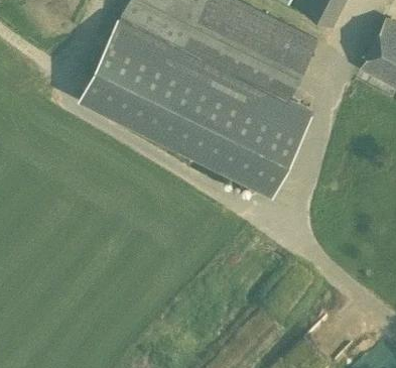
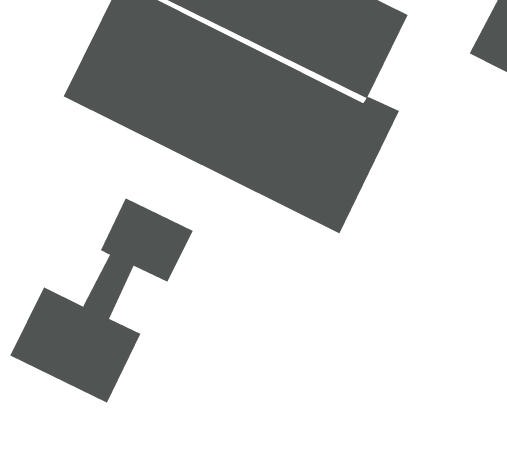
building: none -> [10,198,193,404]

